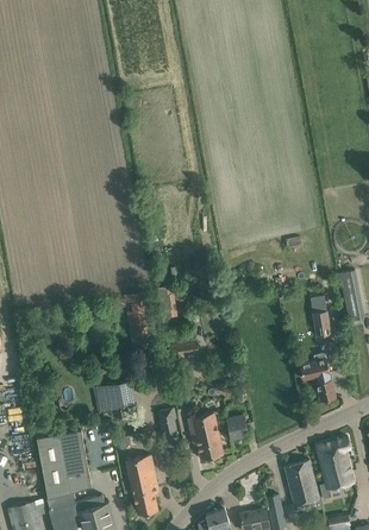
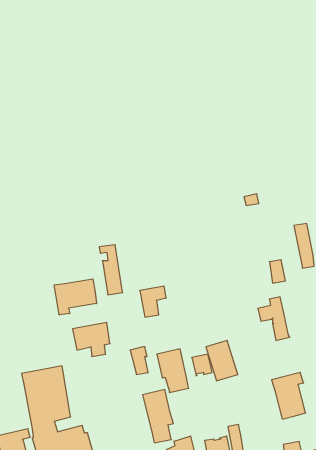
building: none -> [54,279,97,315]
building: [125,455,160,515] -> [143,390,173,443]
building: [284,460,320,505] -> [206,340,238,381]

